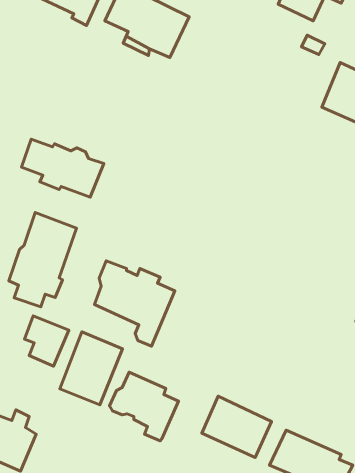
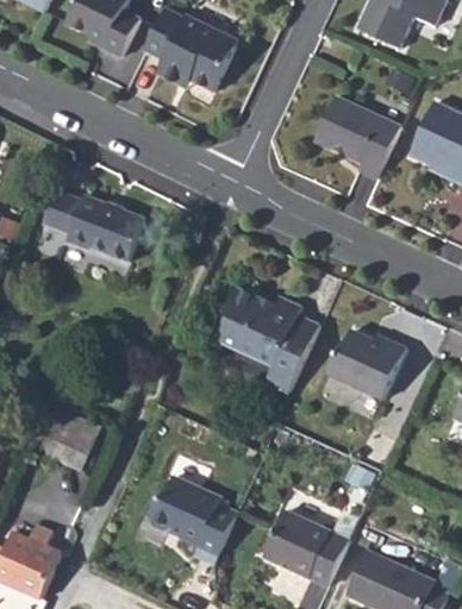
building: none -> [313,94,400,175]
building: [9,212,76,307] -> none
building: none -> [325,329,404,396]
building: [94,261,175,346] -> [218,287,317,391]
building: [60,332,123,405] -> none

